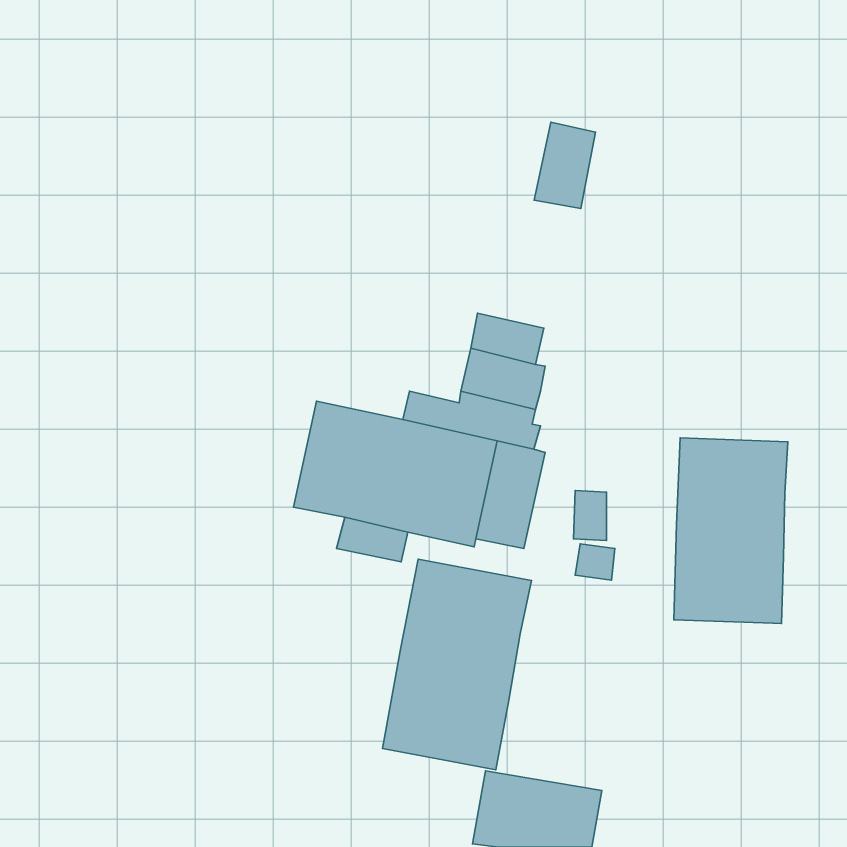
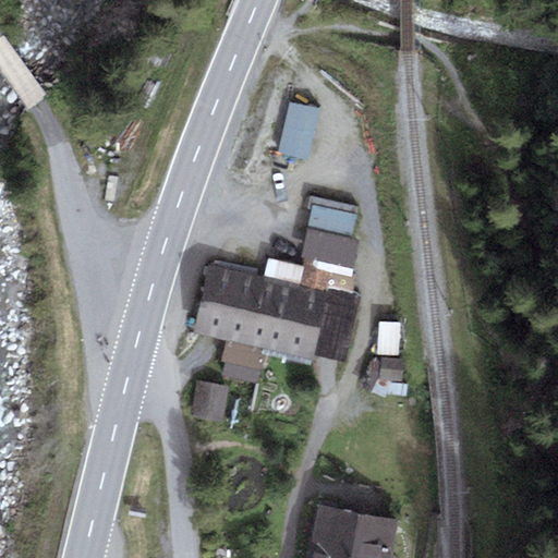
building: [534,122,596,208] -> [279,102,319,159]
building: [674,438,788,624] -> none
building: [383,559,532,770] -> none
building: none -> [192,381,228,421]

